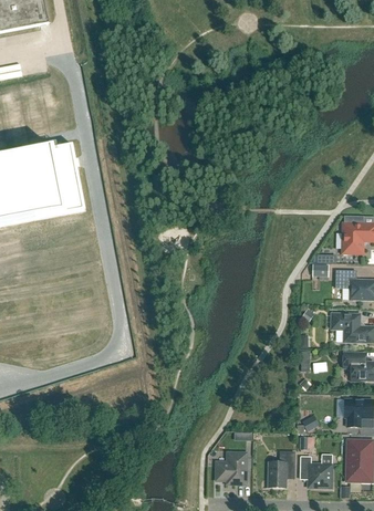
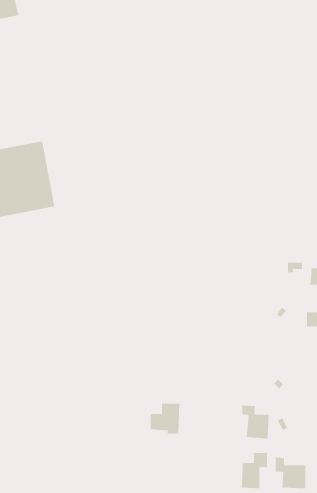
building: none -> [241,404,270,440]
building: [217,452,247,483] -> [150,403,180,434]

